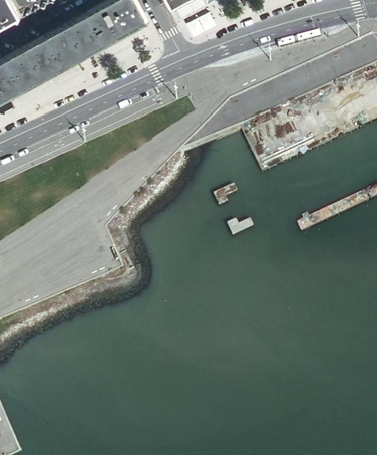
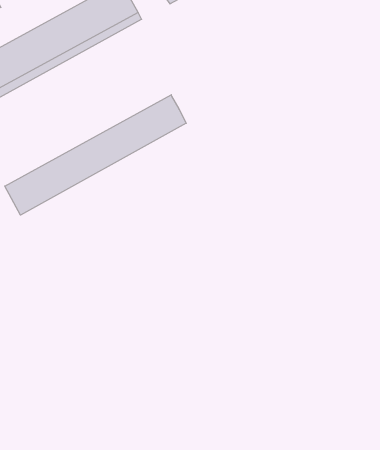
building: none -> [5,95,186,215]

